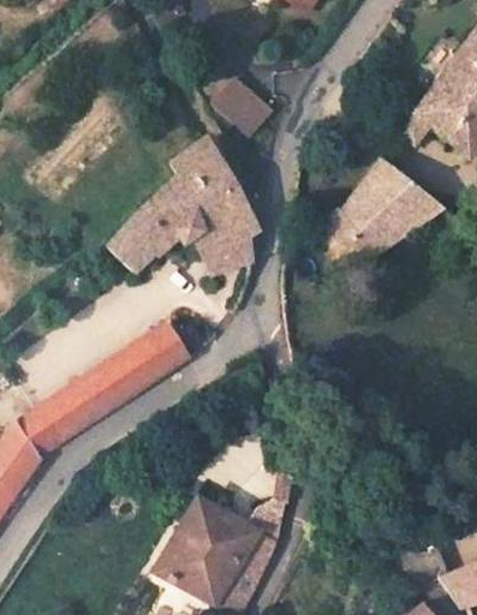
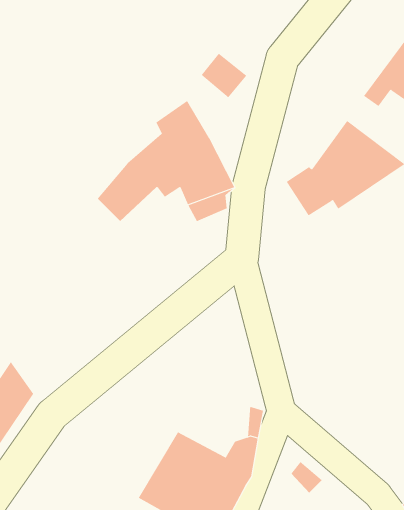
building: [16,322,204,456] -> none

